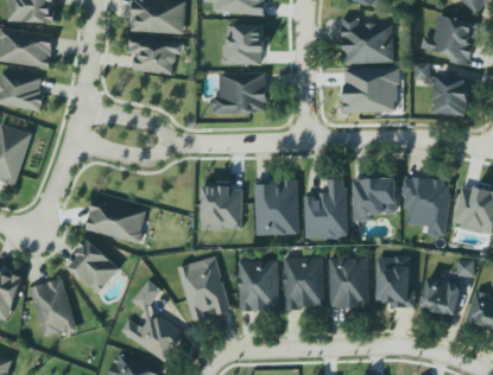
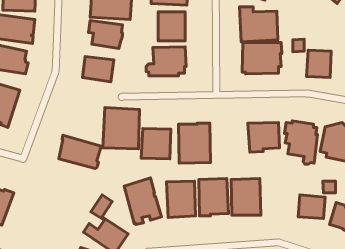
building: [421,15,476,65] -> none
building: none -> [82,56,114,82]
building: none -> [103,108,139,149]
building: [302,177,347,239] -> none
building: [64,237,120,292] -> none
building: [375,256,415,307] -> none
building: [30,279,77,337] -> none

